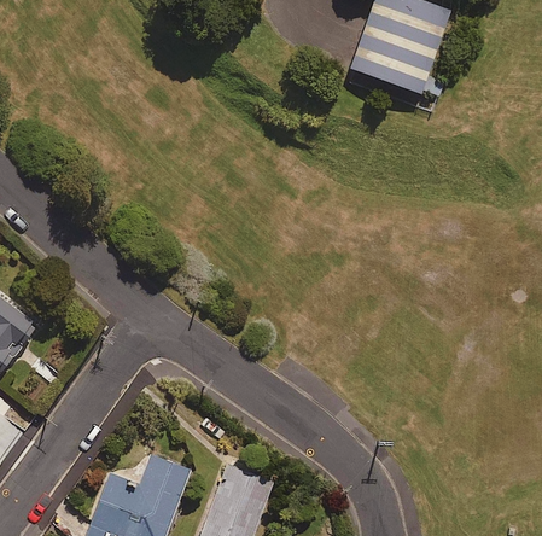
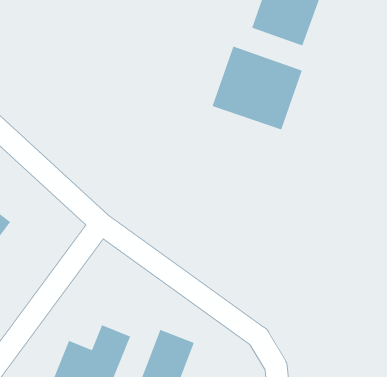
building: none -> [211,45,303,130]

